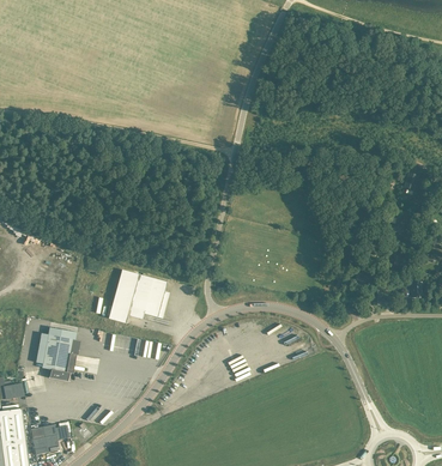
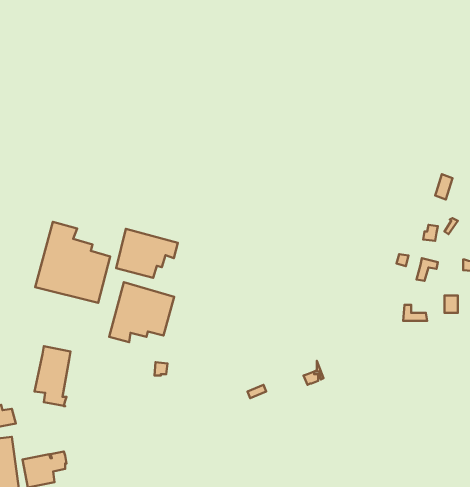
building: none -> [35,222,110,303]
building: none -> [116,229,178,278]

